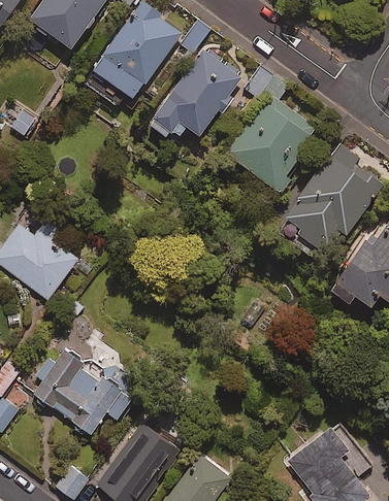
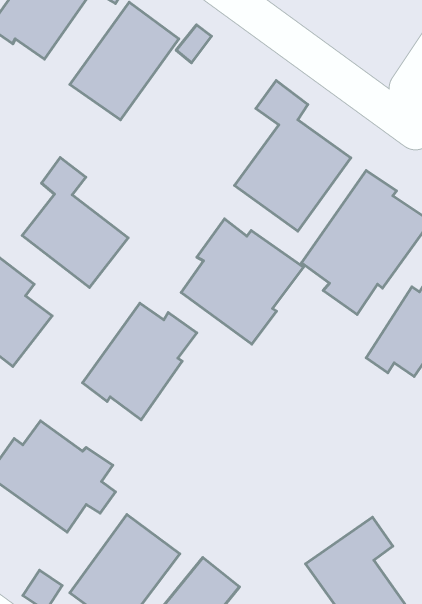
building: [150,49,242,138] -> none
building: none -> [22,157,128,287]
building: none -> [181,219,303,344]
building: none -> [83,303,197,420]

